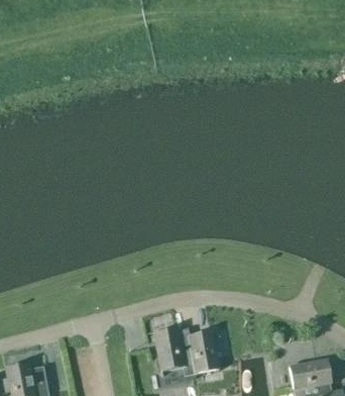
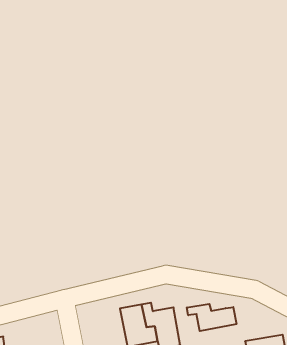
building: none -> [187,304,236,331]

